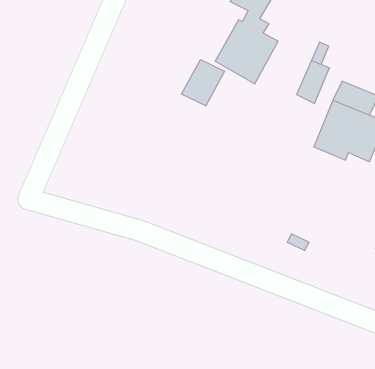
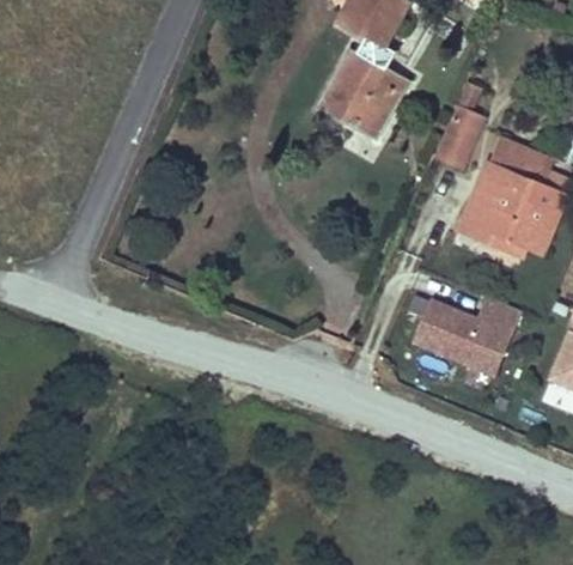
building: [182,60,224,106] -> none
building: none -> [414,297,522,375]

